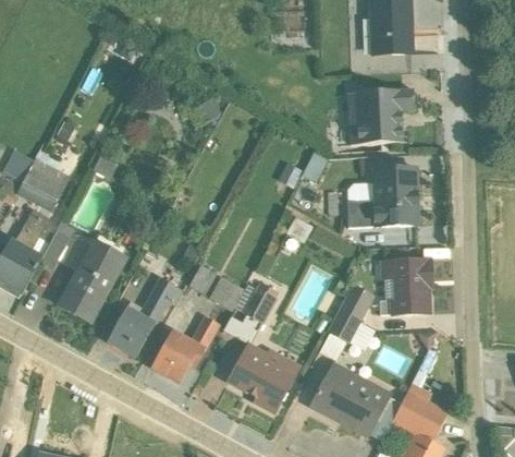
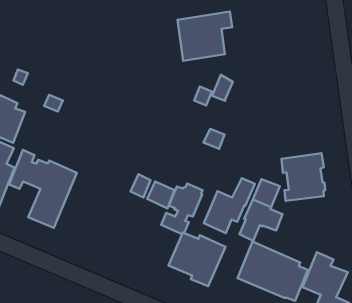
building: [347,89,414,145] -> [178,12,232,61]
building: [347,169,417,227] -> none
building: [108,256,189,357] -> none
building: [152,315,220,382] -> [204,178,255,233]

